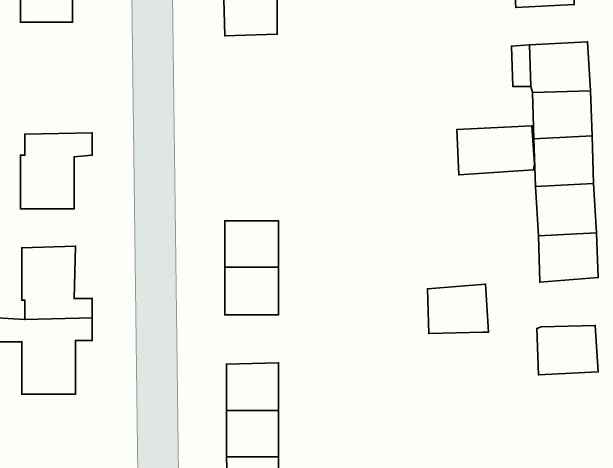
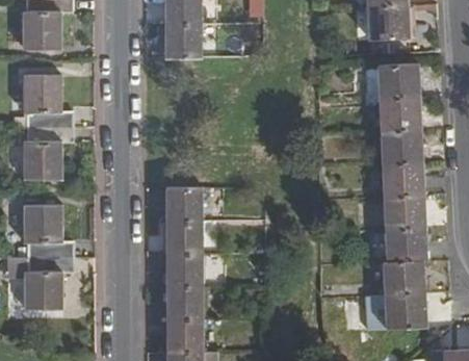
building: none -> [23,74,73,127]
building: [457,126,535,175] -> none
building: [427,284,489,334] -> [385,227,427,261]
building: none -> [165,253,203,287]
building: none -> [384,292,426,328]

